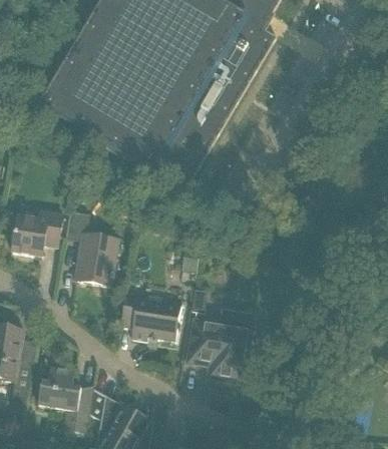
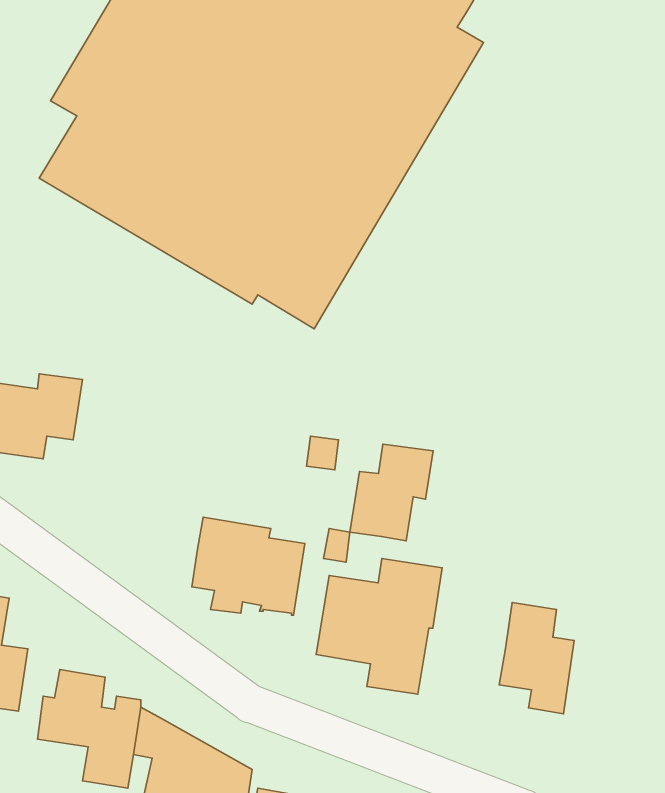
building: [66,210,119,285] -> none
building: none -> [350,444,433,541]
building: none -> [499,603,574,714]

